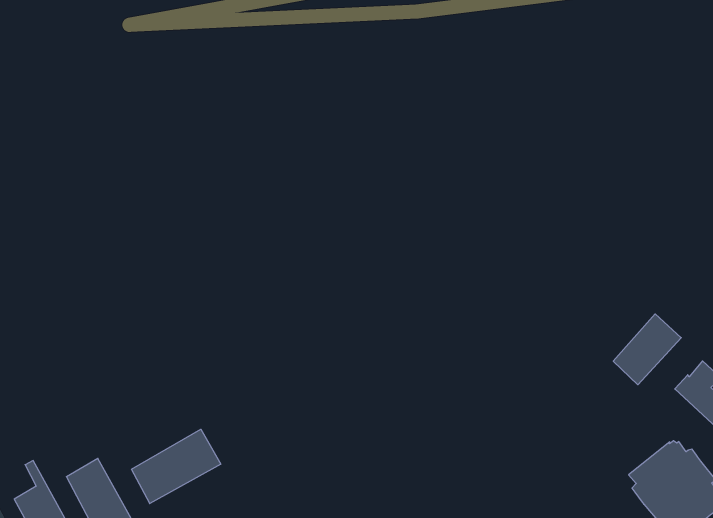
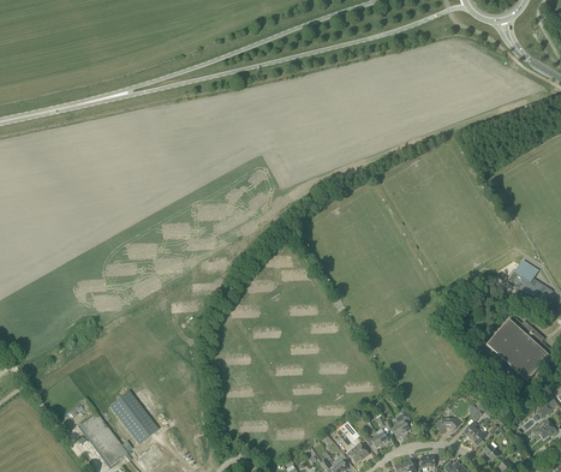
building: [613,314,681,385] -> none
building: [132,429,221,504] -> none

